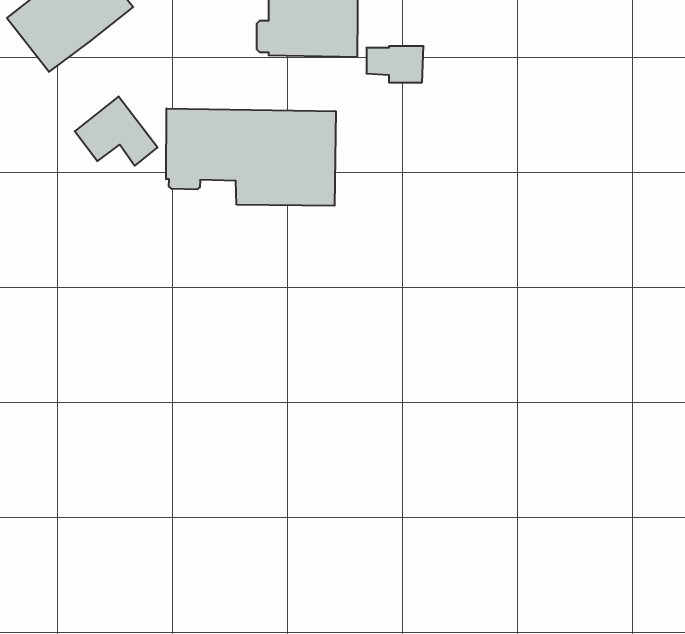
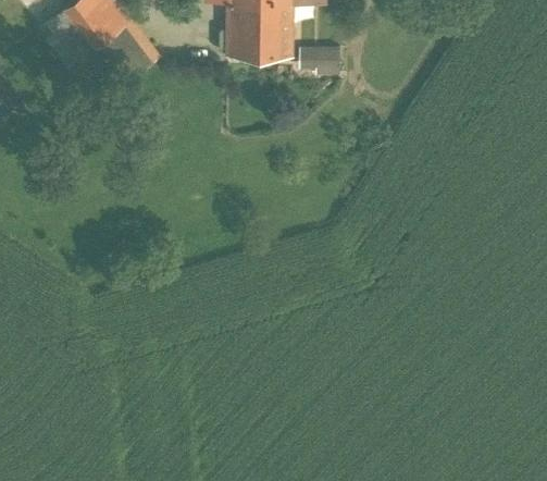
building: [75,96,158,166] -> [99,21,159,71]
building: [166,108,336,206] -> none

